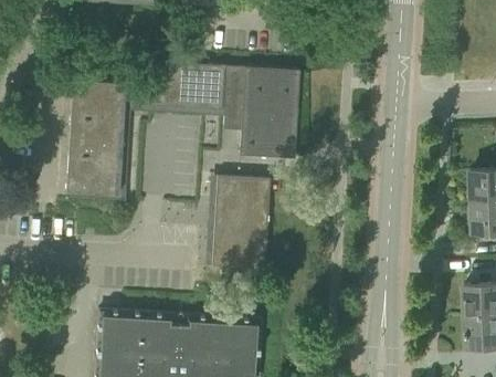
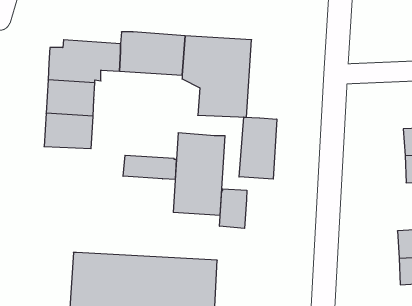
building: none -> [239,117,277,179]
building: none -> [123,155,176,179]
building: none -> [220,189,247,228]

